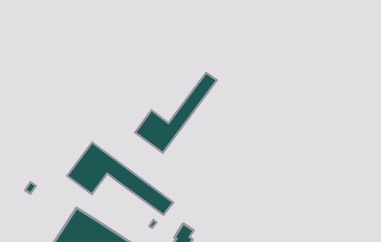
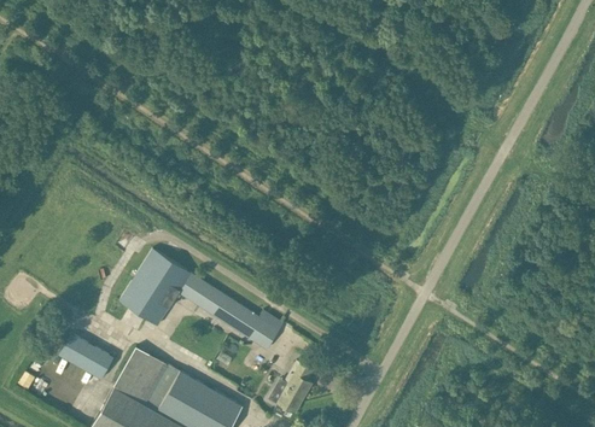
building: [135,73,217,153] -> none
building: none -> [59,333,115,380]

